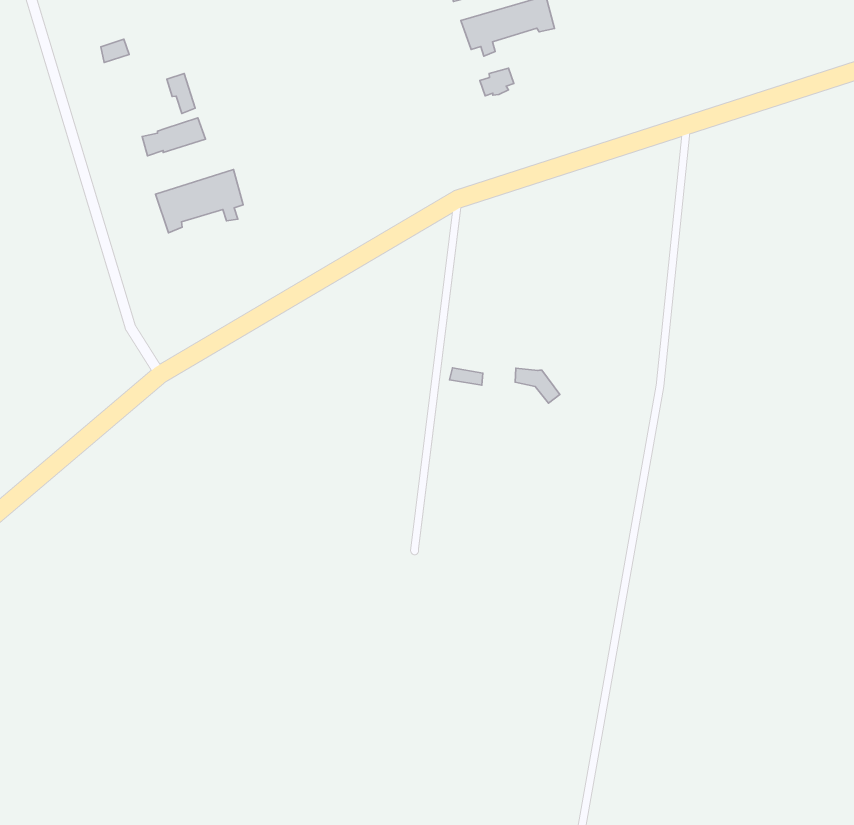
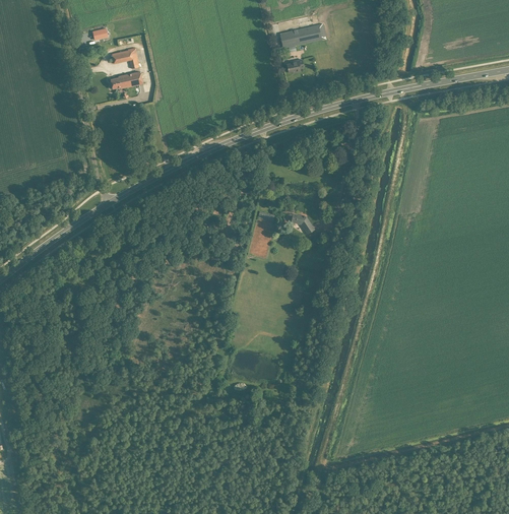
building: [155,169,243,233] -> none

